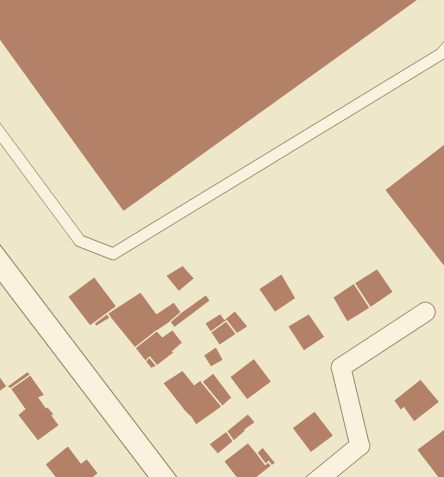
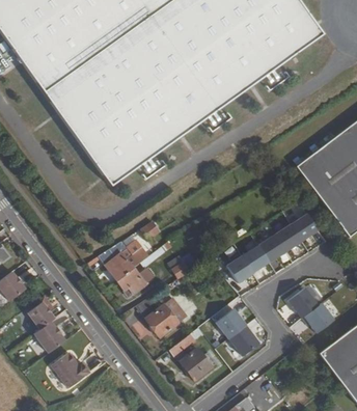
building: none -> [292,213,319,240]
building: [259,273,296,313] -> [243,244,270,272]
building: [67,276,117,326] -> none
building: none -> [290,286,320,318]
building: [230,358,272,400] -> [217,308,247,338]

